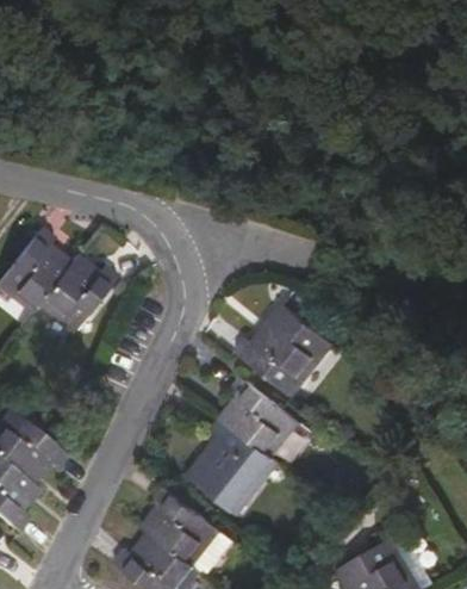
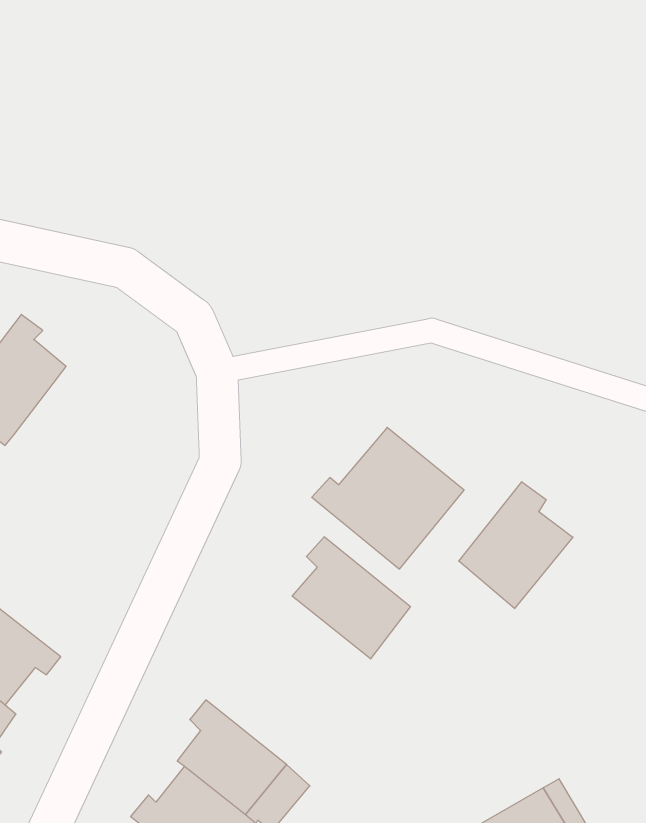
building: [35,256,119,336] -> none
building: none -> [459,482,573,609]
building: [186,416,280,515] -> none

